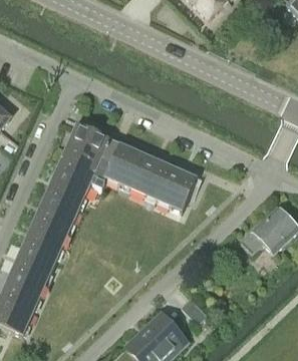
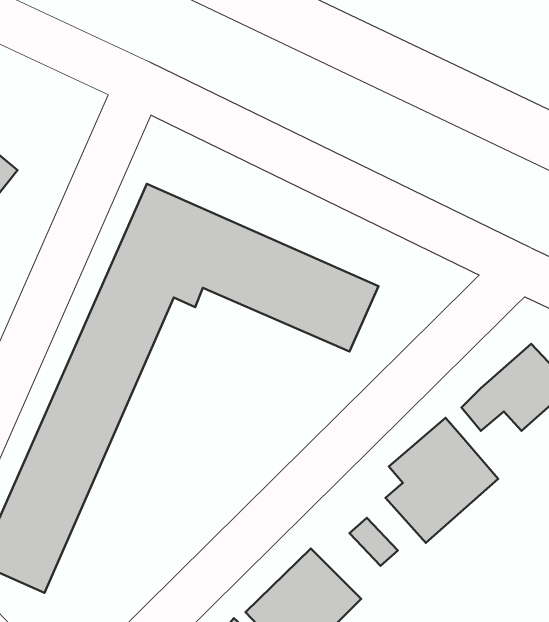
building: none -> [385,418,498,543]

